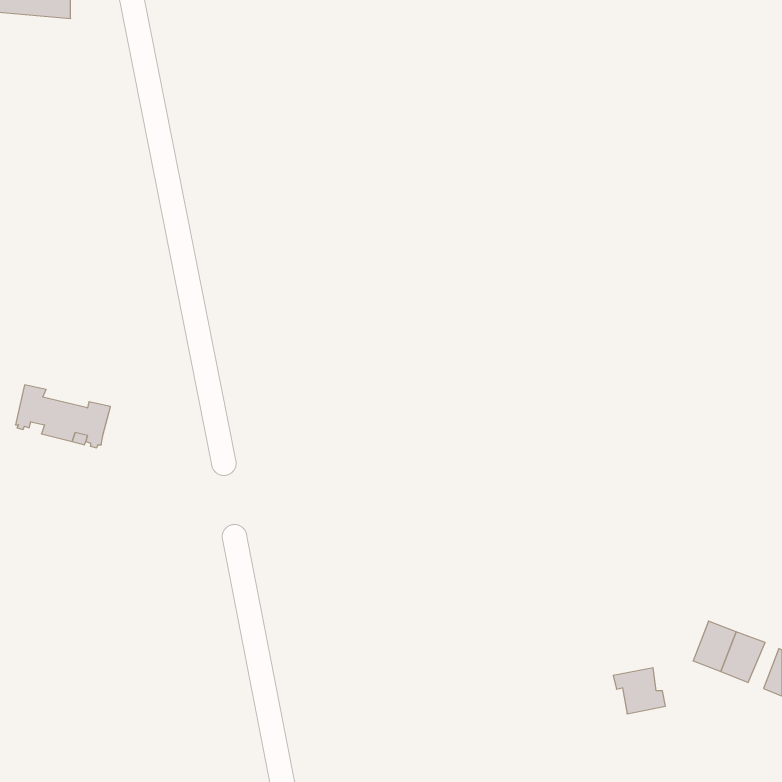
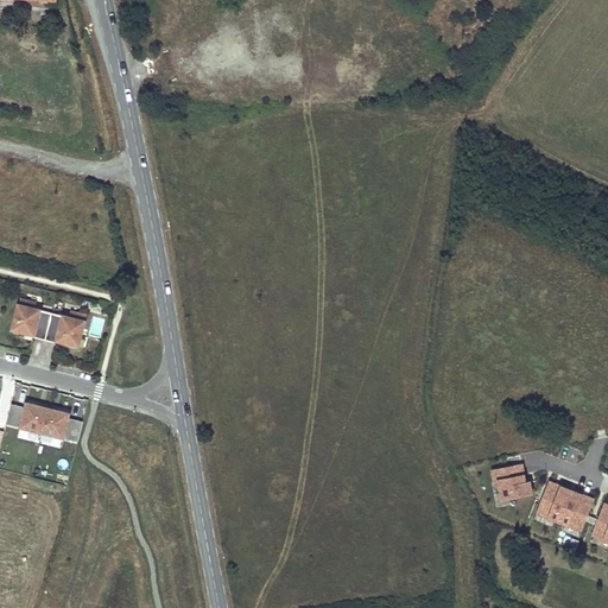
building: none -> [7,403,76,441]
building: [613,668,665,714] -> [490,463,531,499]

